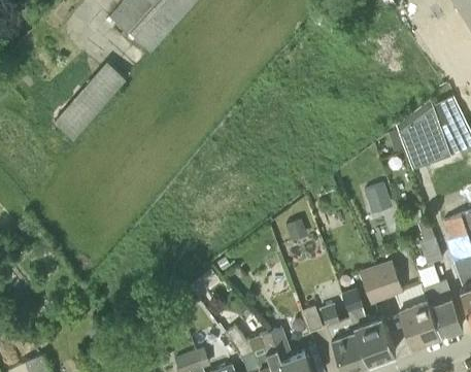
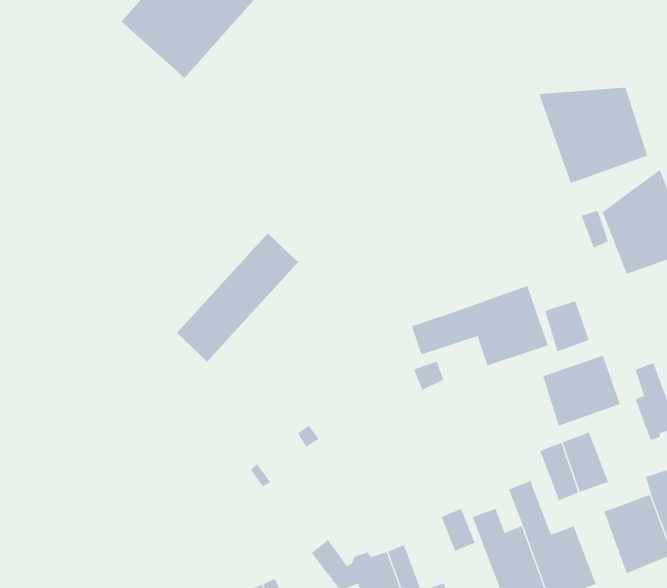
building: none -> [538,87,648,184]
building: [57,62,130,139] -> [176,233,299,362]
building: none -> [411,285,549,366]
building: none -> [543,355,620,427]

